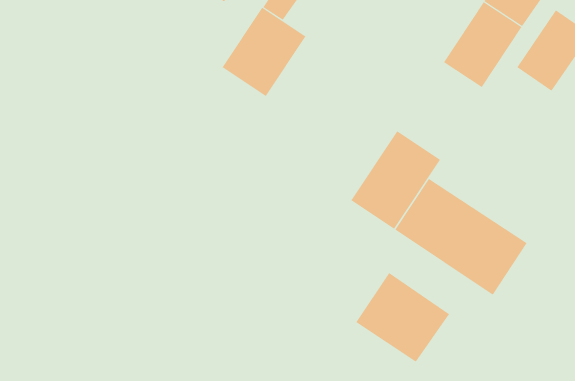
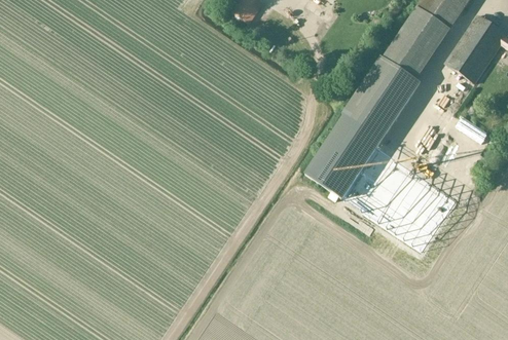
building: [222,7,306,97] -> none
building: none -> [343,56,420,139]
building: [356,272,450,363] -> none

